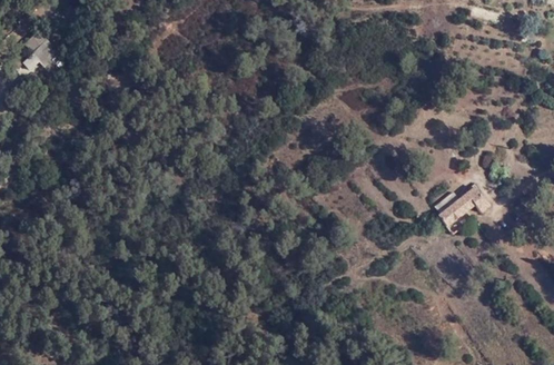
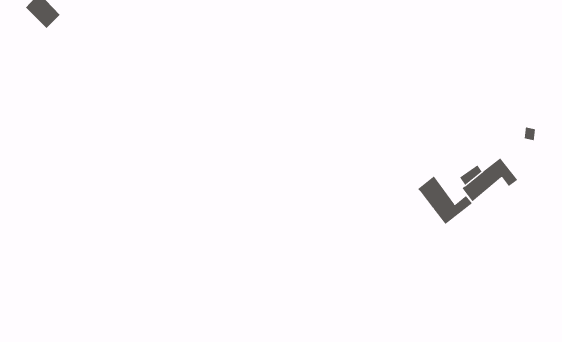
building: none -> [417,175,473,225]

